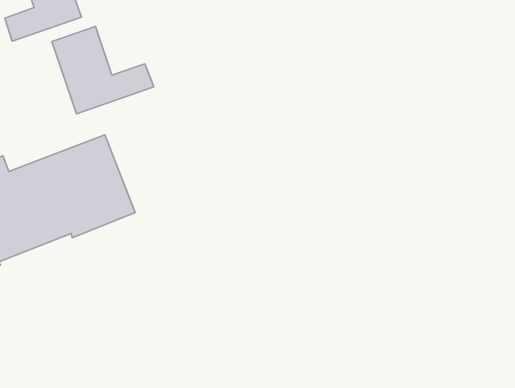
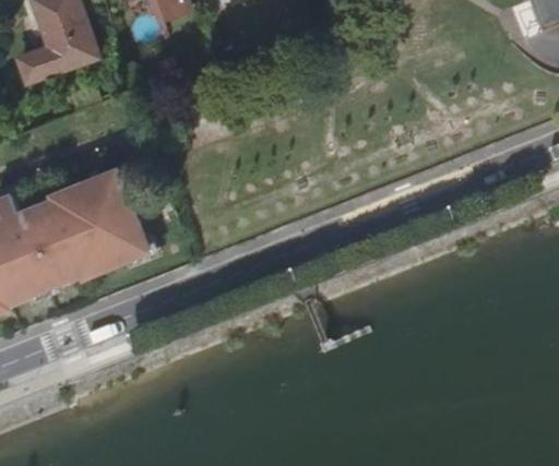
building: [52,27,154,114] -> none

